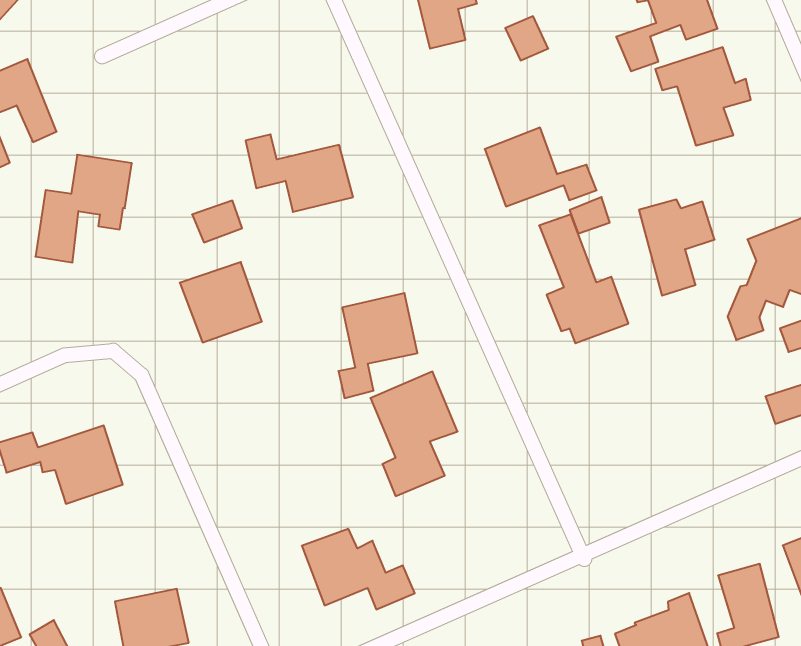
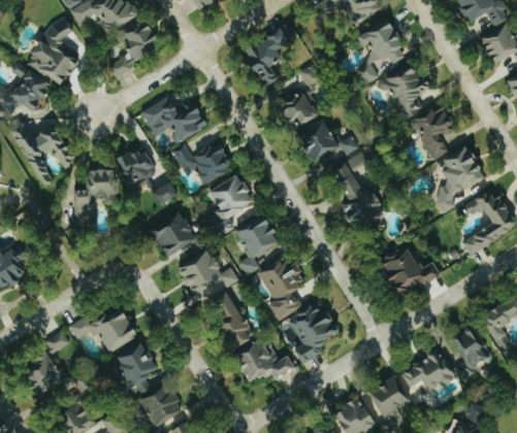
building: none -> [140,96,207,144]
building: none -> [277,91,317,124]
building: none -> [115,148,155,186]
building: [639,200,715,296] -> [412,108,453,160]
building: none -> [208,174,254,235]
building: none -> [176,251,235,299]
building: none -> [379,245,439,297]
building: none -> [209,291,252,348]
building: none -> [287,300,338,364]
building: none -> [115,342,158,395]

